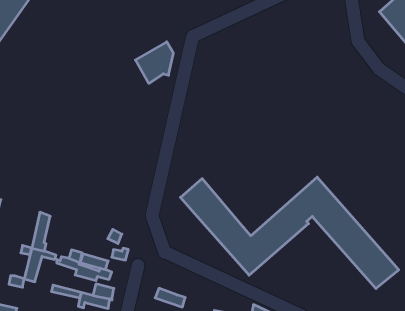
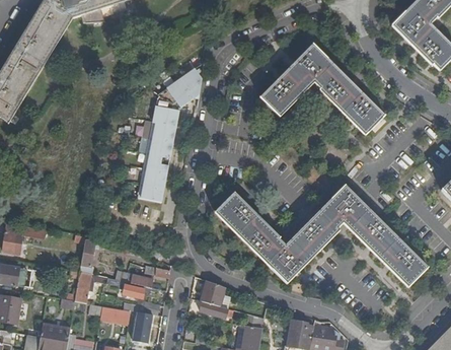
building: none -> [259,43,385,135]
building: none -> [137,104,178,203]
building: none -> [201,280,226,305]

